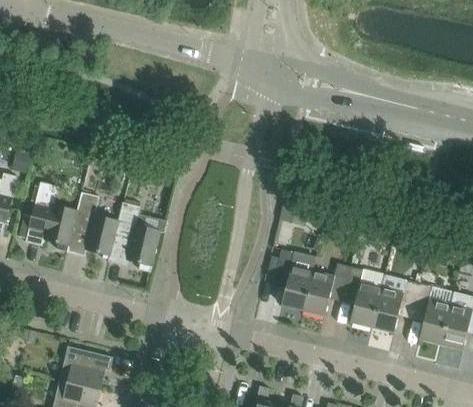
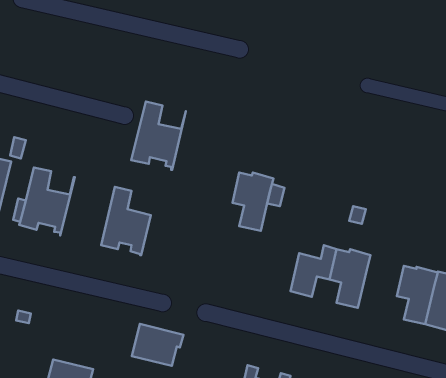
building: [67,192,123,262] -> [131,102,186,170]
building: [274,249,316,309] -> [232,173,273,231]
building: [372,279,419,332] -> none
building: [60,346,113,389] -> [132,324,184,366]

